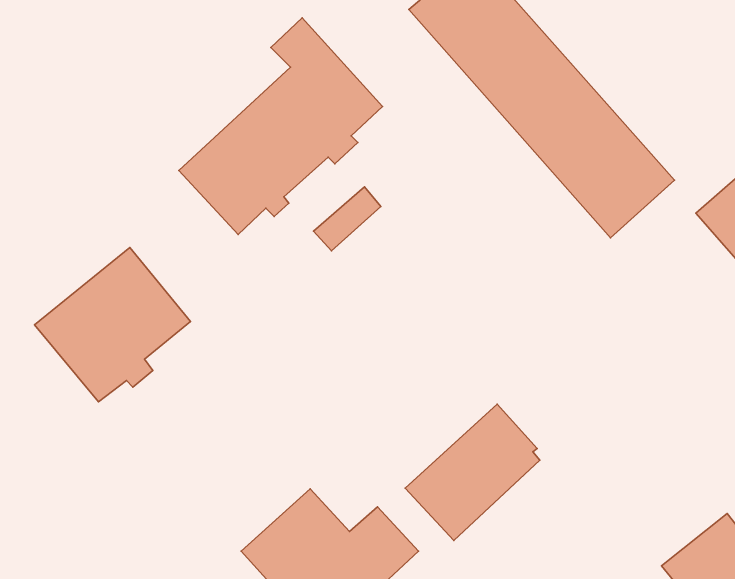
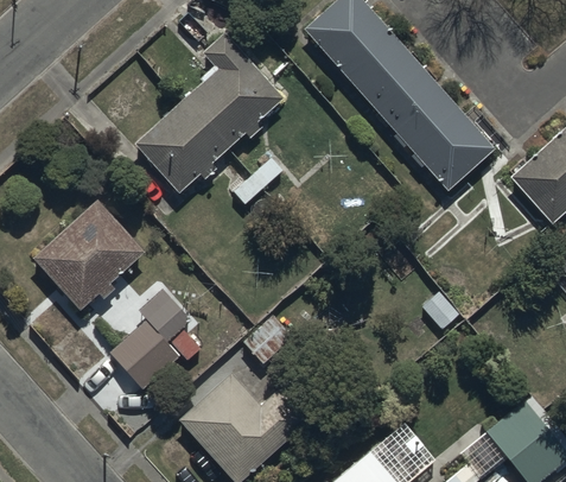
building: none -> [117,287,201,382]
building: [405,404,540,541] -> none

